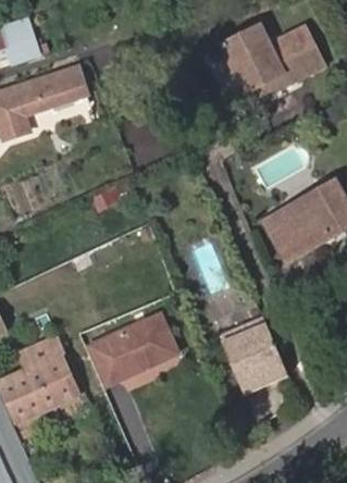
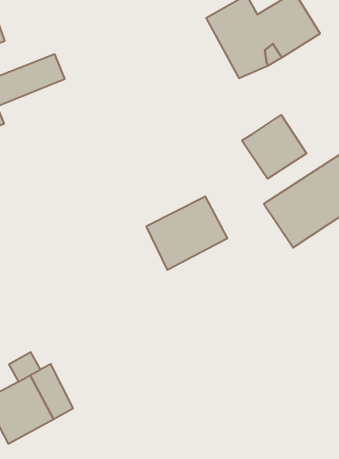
building: none -> [242,115,307,179]
building: [103,313,176,377] -> [146,196,227,270]
building: [221,321,282,382] -> none

